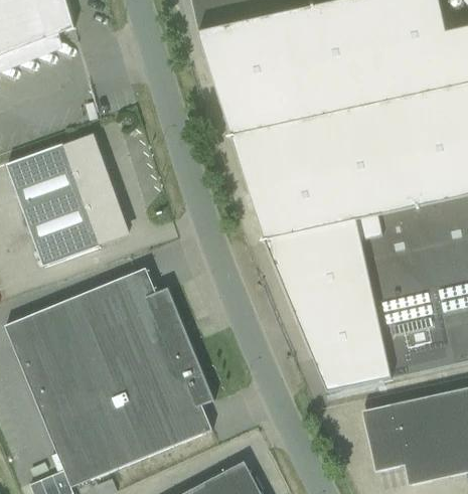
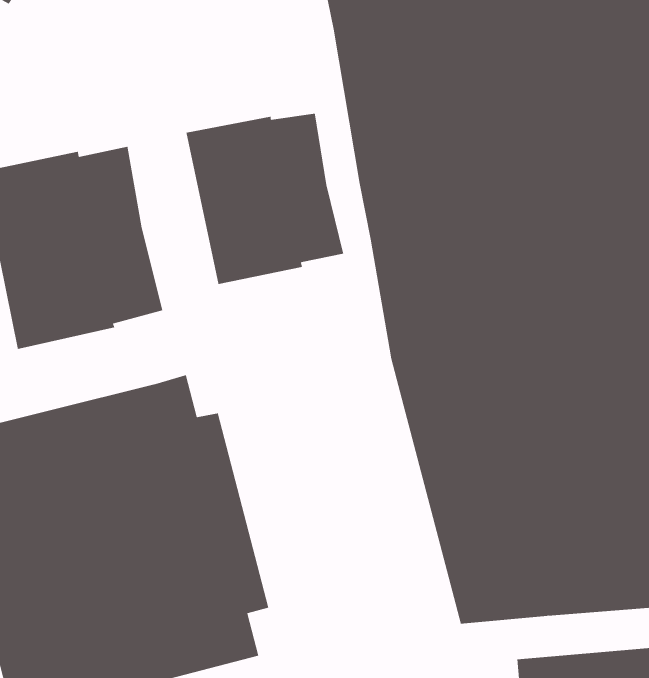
building: none -> [186,113,344,285]

